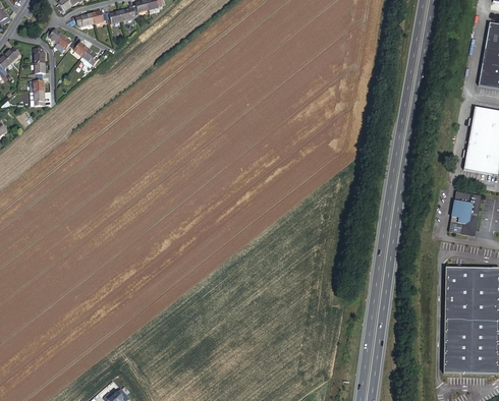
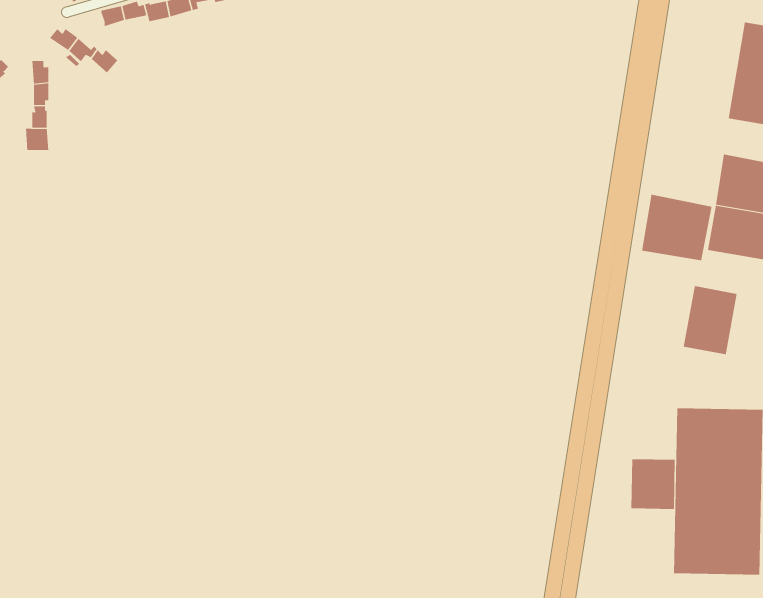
building: none -> [641,194,712,261]
building: none -> [631,458,675,510]

